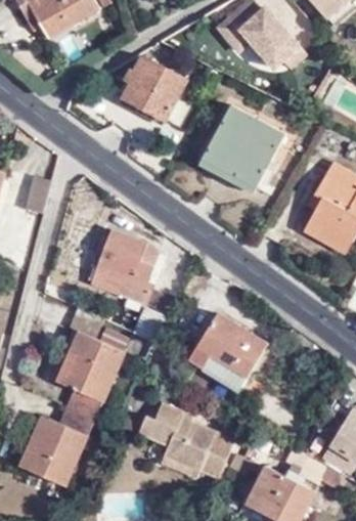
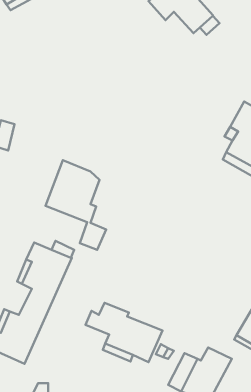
building: [122,53,190,118] -> none
building: [201,103,284,187] -> none
building: [188,312,267,391] -> none

